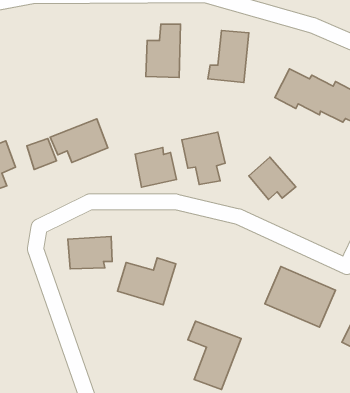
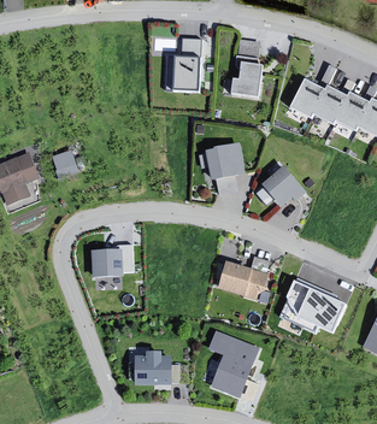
building: [50,119,108,162] -> none
building: [135,147,177,187] -> none
building: [117,258,176,305] -> [216,258,272,304]
building: none -> [134,351,166,387]

